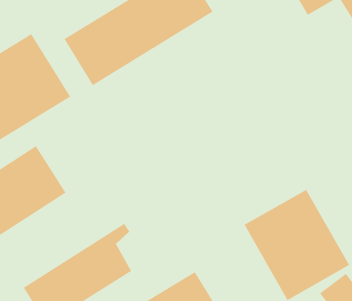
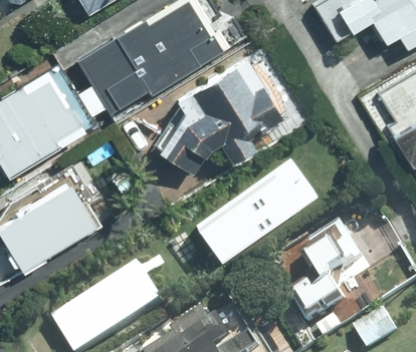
building: none -> [148,59,280,169]
building: none -> [192,158,319,265]

